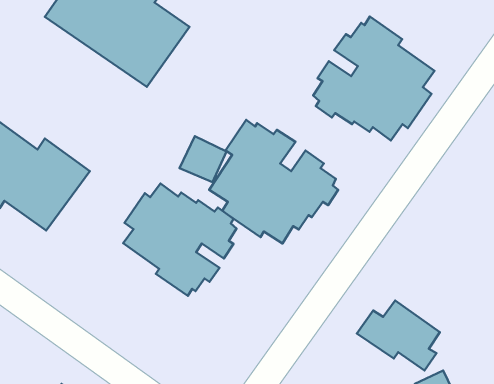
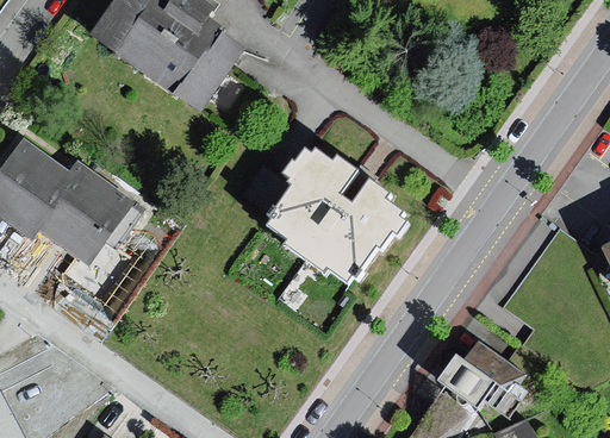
building: [313,17,435,140] -> none
building: [123,183,237,296] -> none

